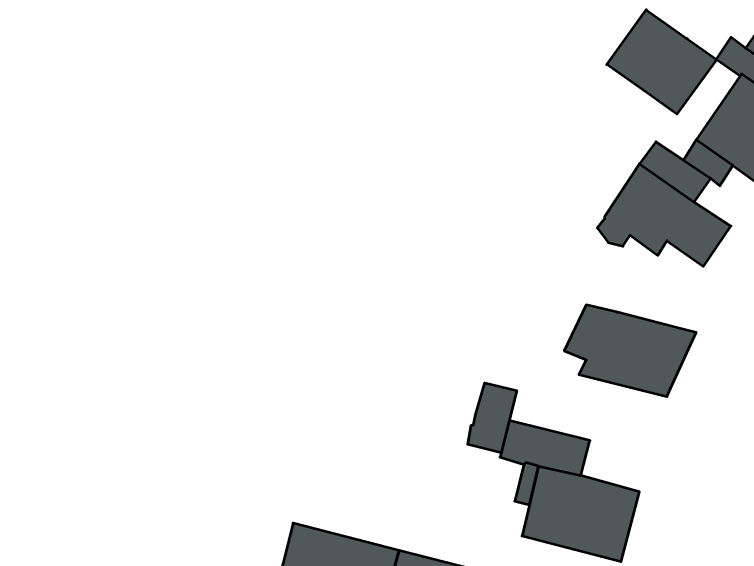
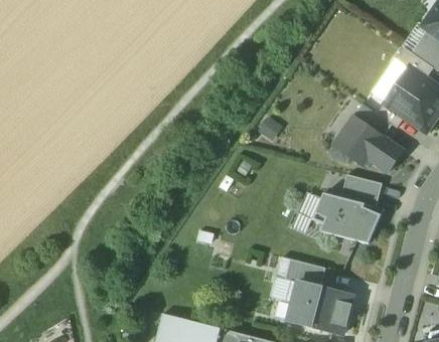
building: [607,10,716,114] -> none
building: none -> [340,174,382,206]
building: [468,383,517,453] -> none

